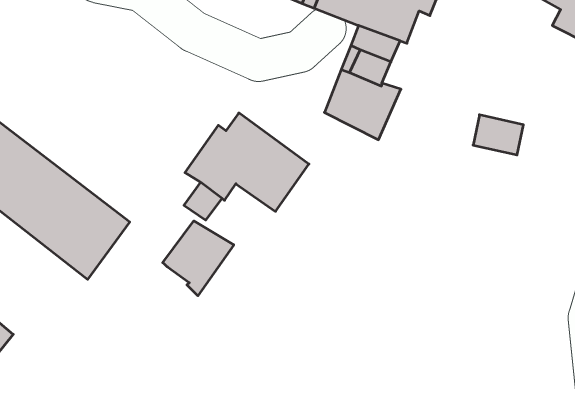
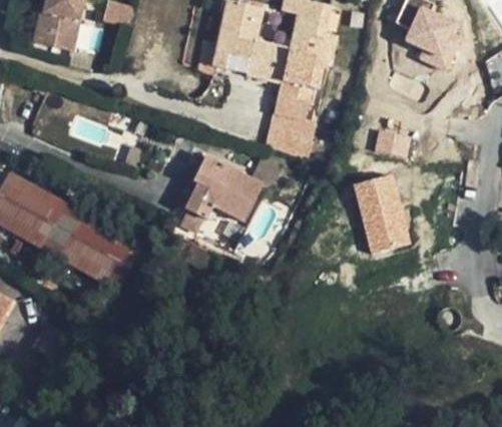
building: none -> [351,170,412,252]
building: [163,221,234,296] -> none

